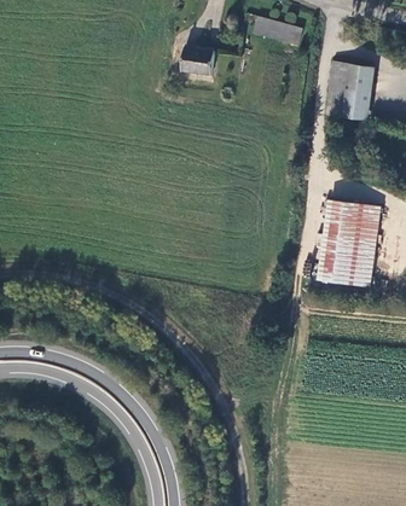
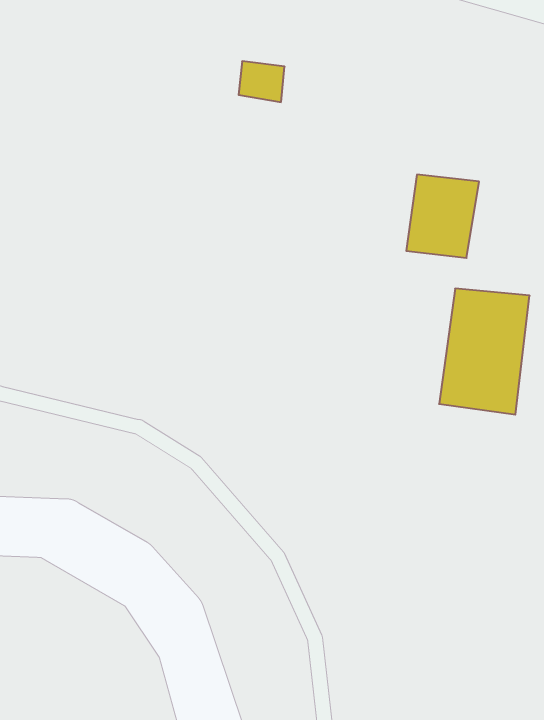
building: [256,13,302,41] -> none
building: [325,62,375,118] -> [406,175,479,258]

